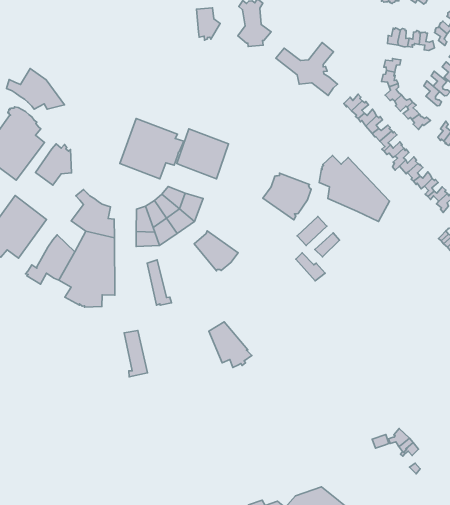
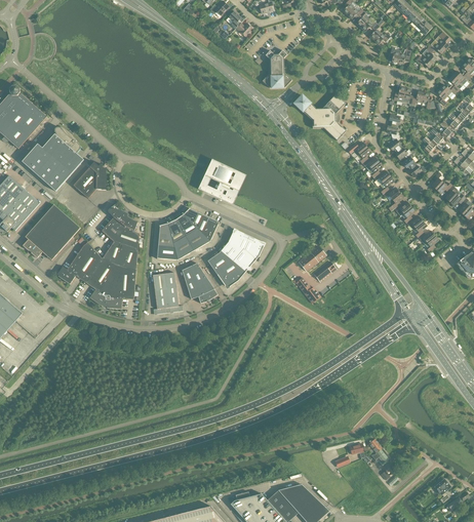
building: [197,8,220,40] -> none
building: [6,69,65,109] -> none
building: [120,118,184,179] -> none
building: [319,155,389,222] -> none
building: [263,173,311,220] -> [220,229,263,271]
building: [209,322,252,368] -> [182,262,218,303]
building: [124,331,147,377] -> [152,273,169,313]

